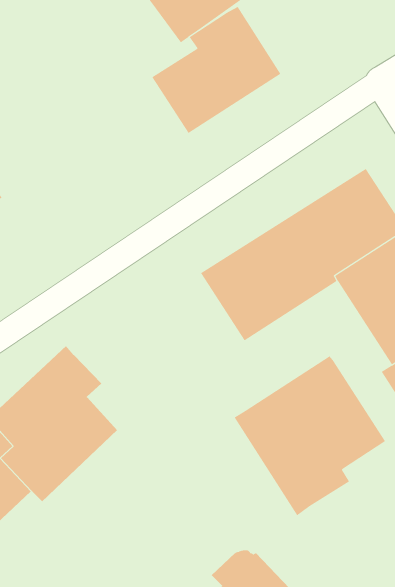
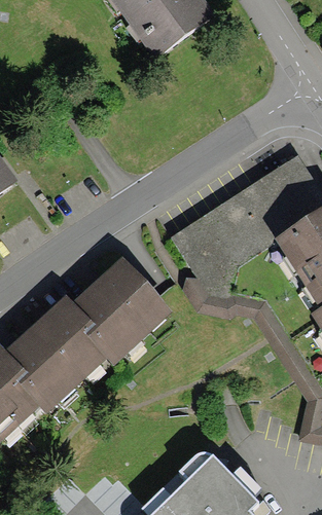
building: [152,6,281,134] -> none
building: none -> [72,256,173,366]
building: [234,356,386,516] -> none

